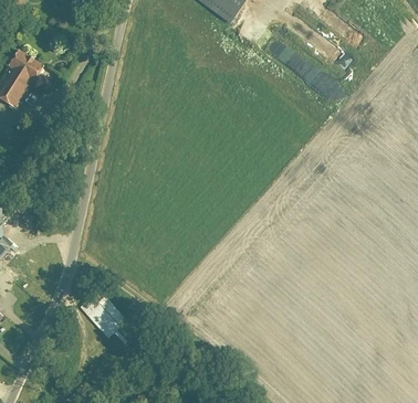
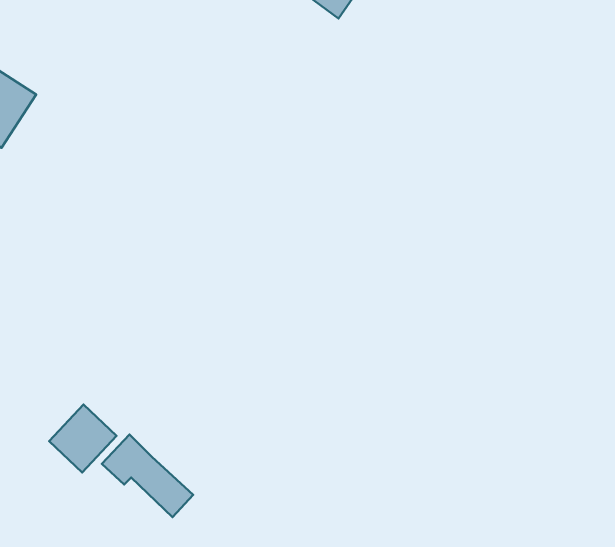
building: none -> [49,405,117,472]

